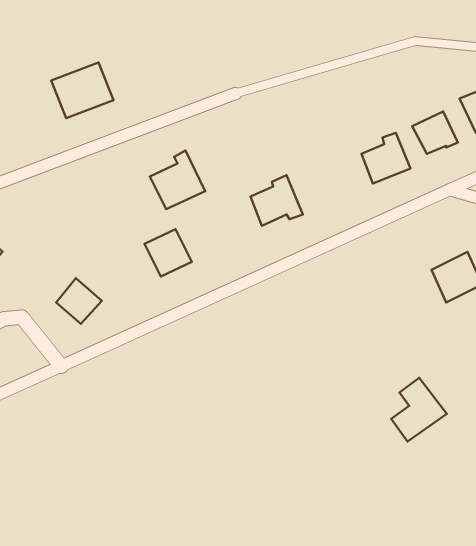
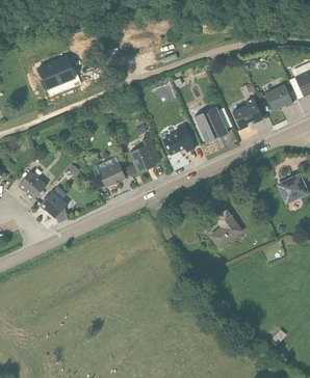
building: none -> [195,106,229,142]
building: [150,150,205,209] -> [127,136,162,173]
building: none -> [17,169,46,198]
building: [391,378,447,442] -> [209,209,244,249]

